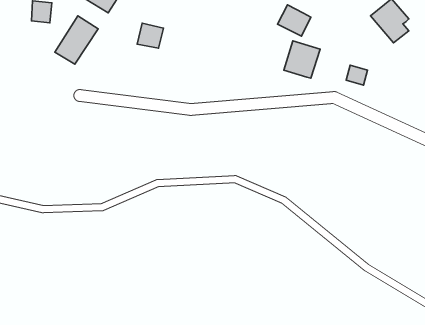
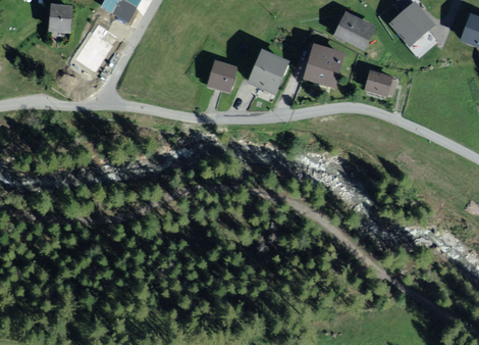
building: [277,5,311,36] -> [337,14,371,46]
building: [137,23,163,48] -> [208,62,234,88]
building: none -> [251,54,284,92]

